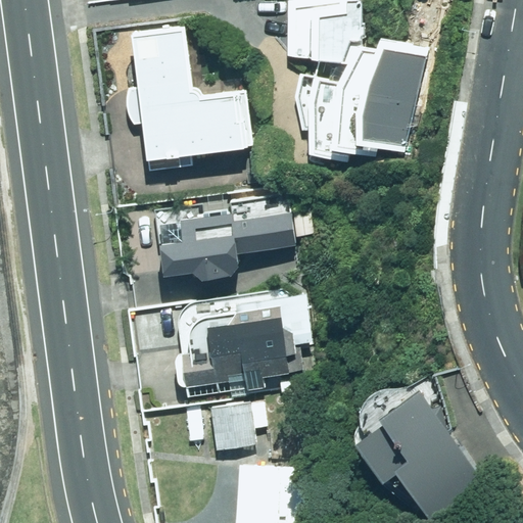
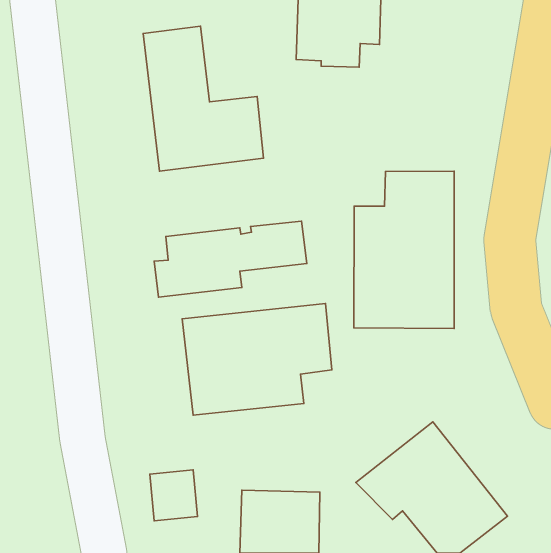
building: [294,40,431,160] -> none
building: none -> [354,171,454,329]
building: [212,400,257,448] -> [150,470,197,521]

